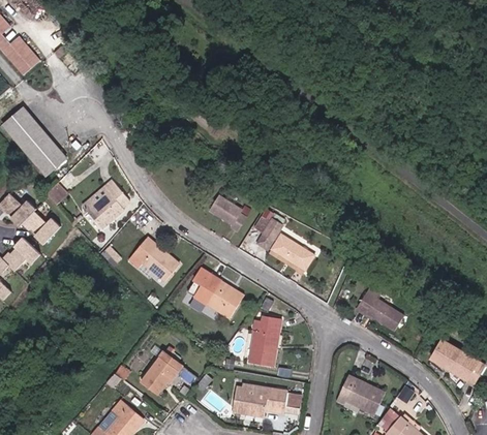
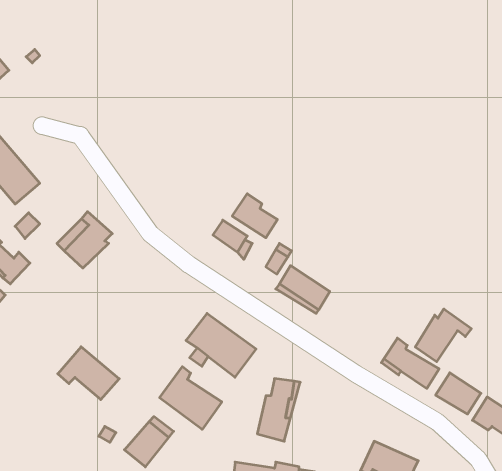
building: none -> [232,194,277,238]
building: [130,238,182,282] -> [58,347,119,400]
building: none -> [415,309,471,362]
building: none -> [160,367,222,429]
building: none -> [436,373,481,414]

